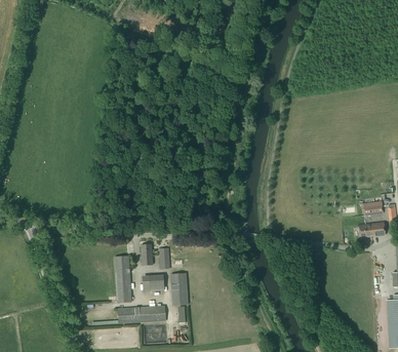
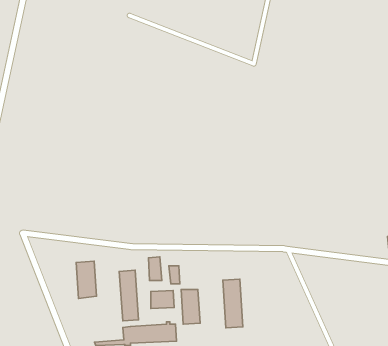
building: none -> [76,261,96,299]
building: none -> [223,279,243,328]

